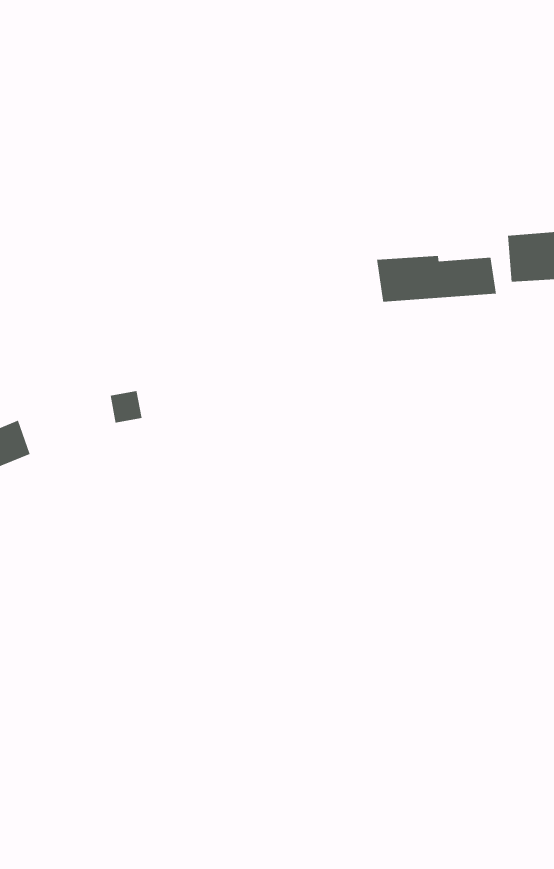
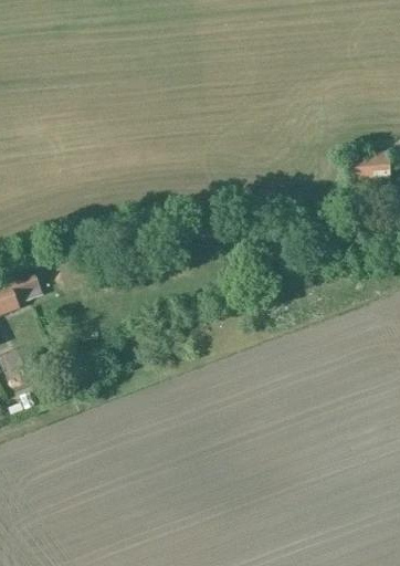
building: [376,255,496,302] -> none

